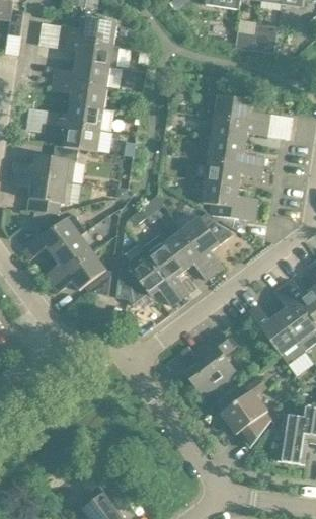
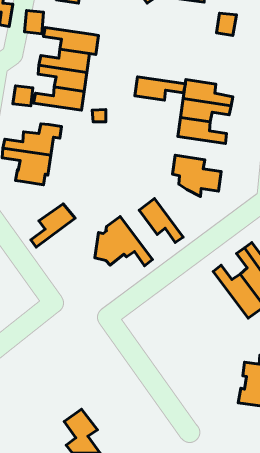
building: [60,17,116,45] -> none
building: [46,122,100,151] -> none
building: [206,159,262,186] -> [135,77,185,100]
building: [23,210,80,258] -> none
building: [182,212,233,273] -> none
building: [142,234,188,298] -> none
building: [50,251,111,295] -> none
building: [185,331,235,395] -> none
building: [221,376,270,448] -> none

